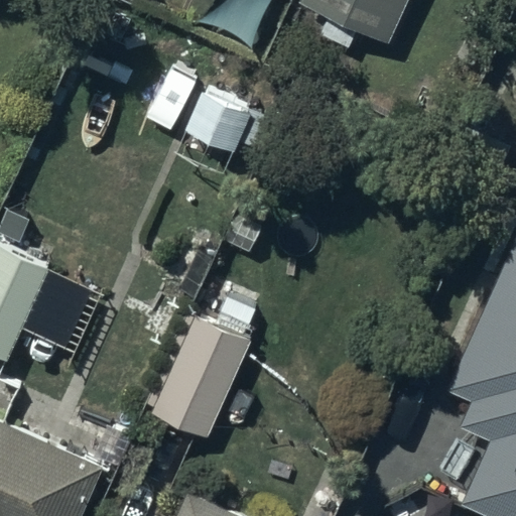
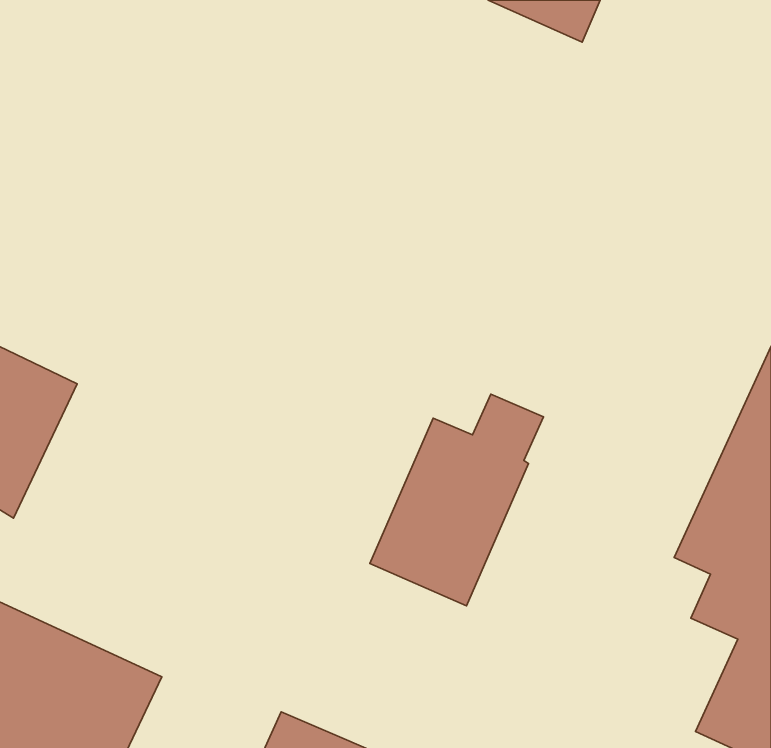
building: [147,298,263,439] -> [370,394,544,606]

